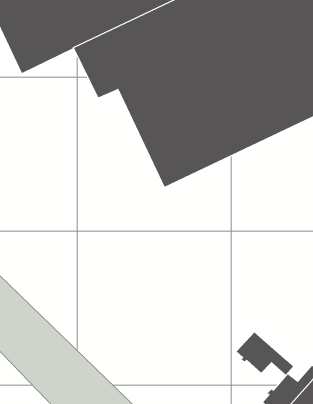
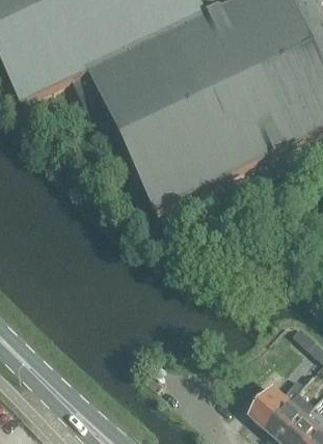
building: [236,332,294,376] -> none

